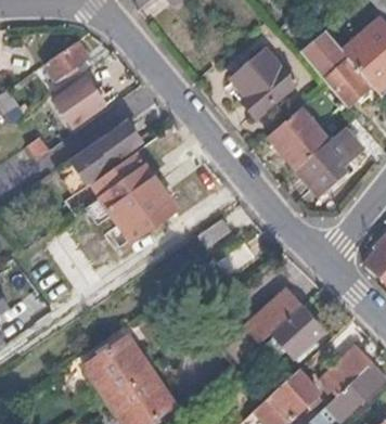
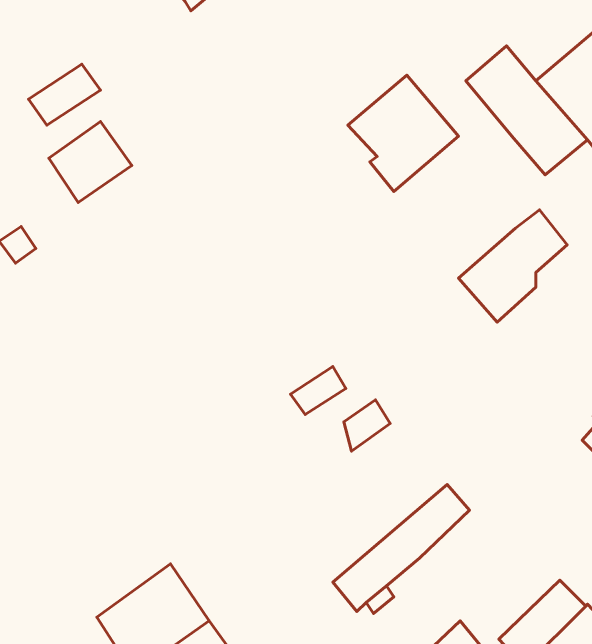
building: [268,106,330,168] -> none
building: [73,119,139,188] -> none
building: [86,168,167,243] -> none
building: [273,305,323,357] -> none

